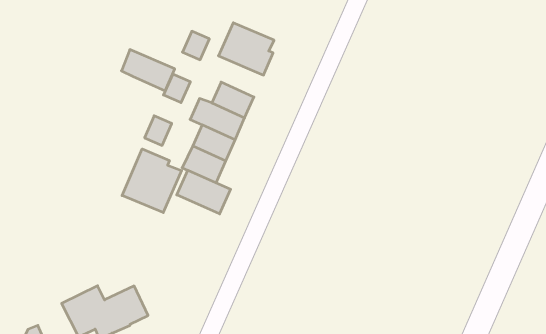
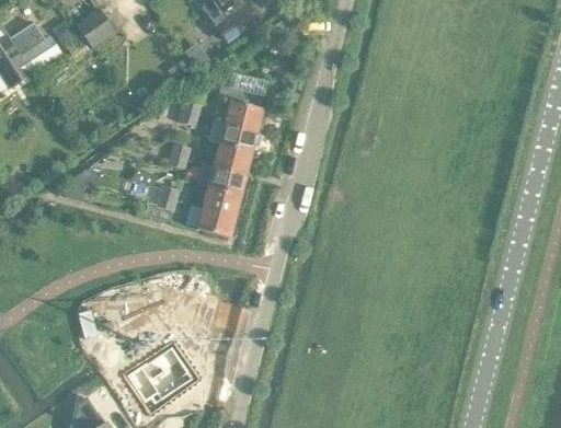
building: [121,50,175,91] -> [208,119,257,152]
building: [122,149,182,213] -> none
building: [177,170,231,214] -> none

